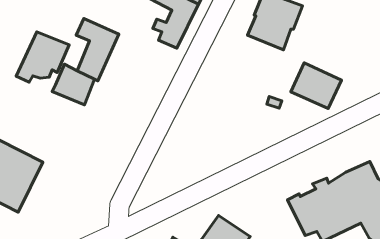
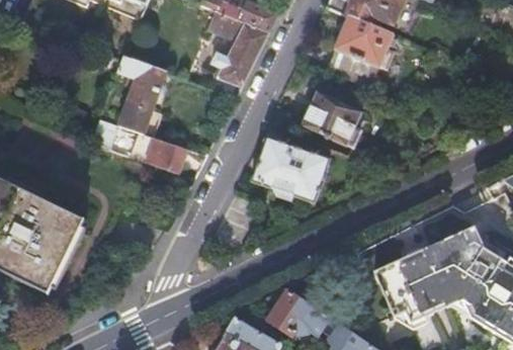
building: [16,32,69,82] -> none
building: [291,63,342,109] -> [301,90,362,146]
building: none -> [146,134,188,176]
building: none -> [252,138,330,201]

